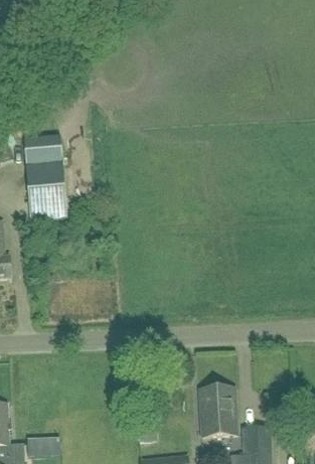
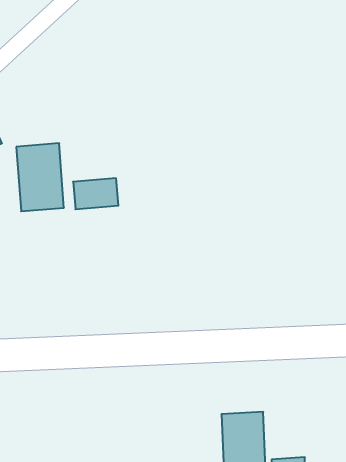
building: [23,137,61,163] -> [73,178,118,209]

